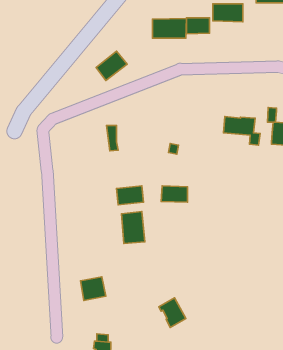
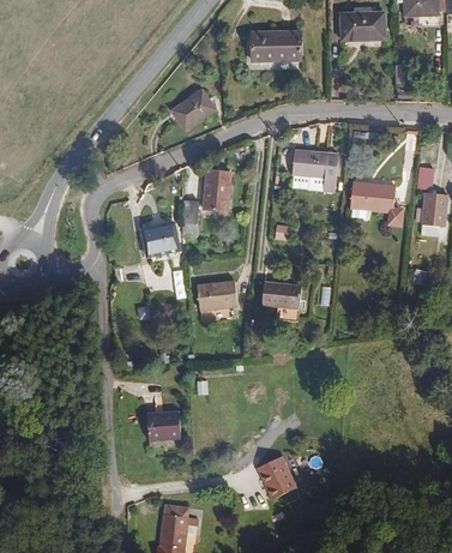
building: [187,18,209,34] -> none
building: none -> [290,150,336,194]
building: none -> [206,173,230,212]
building: none -> [138,222,179,259]
building: [121,212,145,243] -> none

